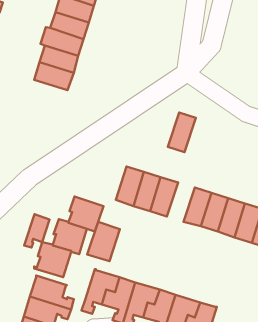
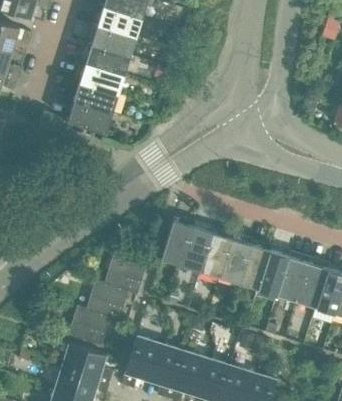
building: [168,113,196,152] -> [219,238,251,283]
building: [24,214,50,248] -> none
building: [87,222,120,261] -> none

